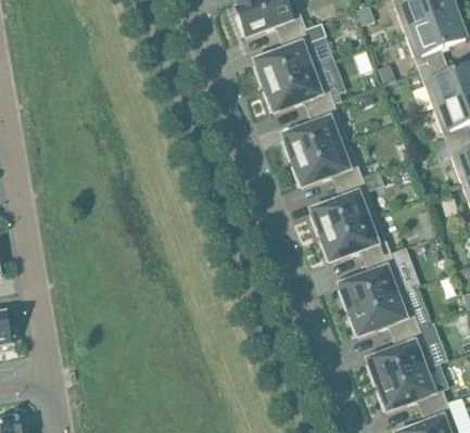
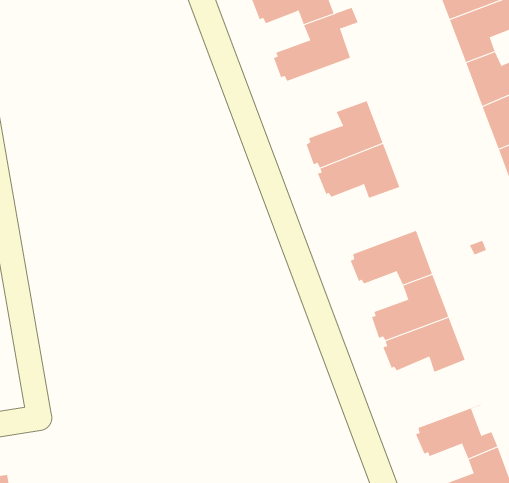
building: [263,64,334,111] -> none
building: [309,176,377,233] -> none
building: [366,324,433,383] -> none

